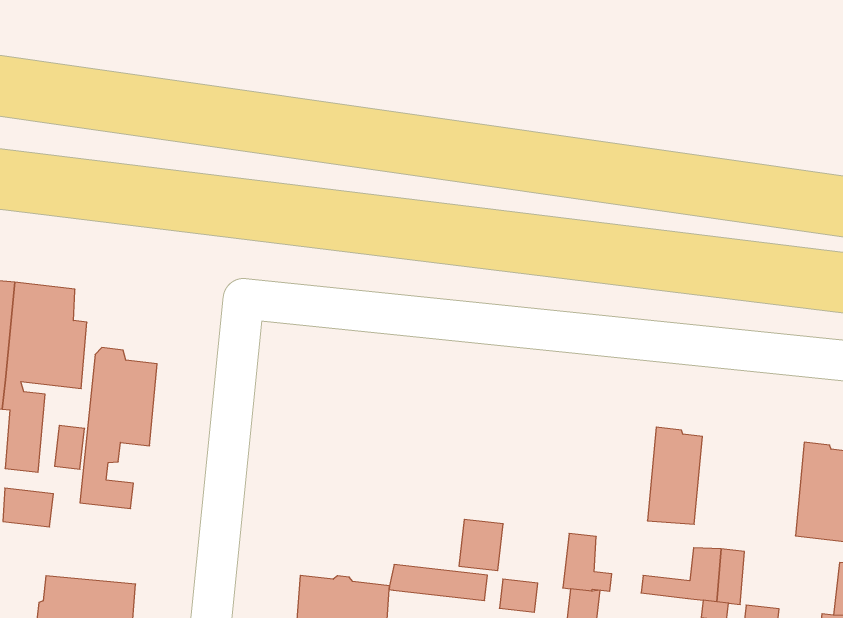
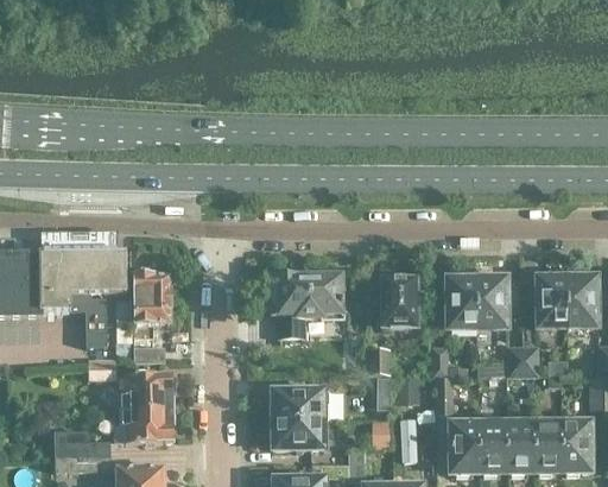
building: none -> [273,270,347,336]
building: none -> [382,278,416,328]
building: none -> [448,274,477,331]
building: none -> [538,273,568,333]
building: none -> [119,371,173,406]

